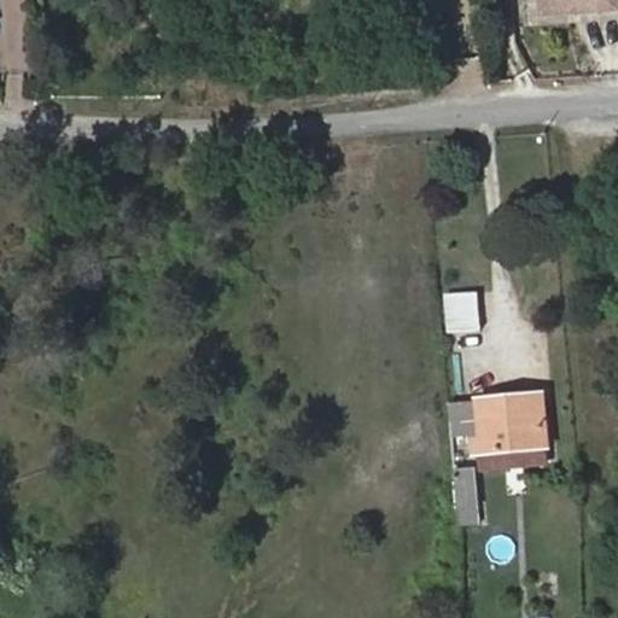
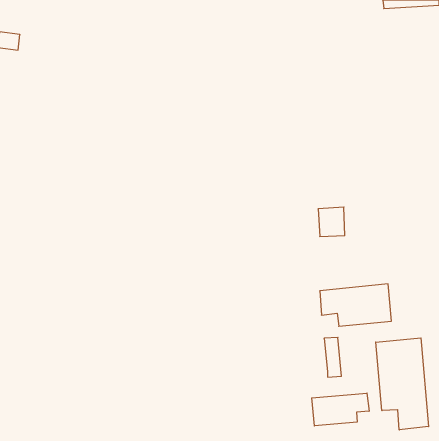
building: none -> [376,338,429,430]
building: none -> [312,393,369,426]

